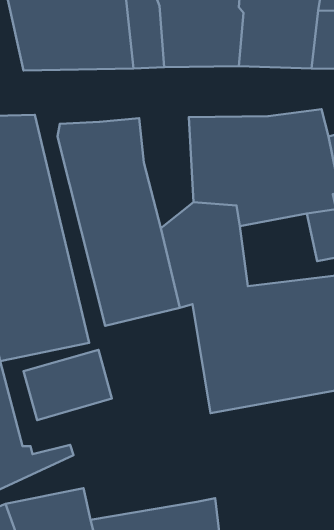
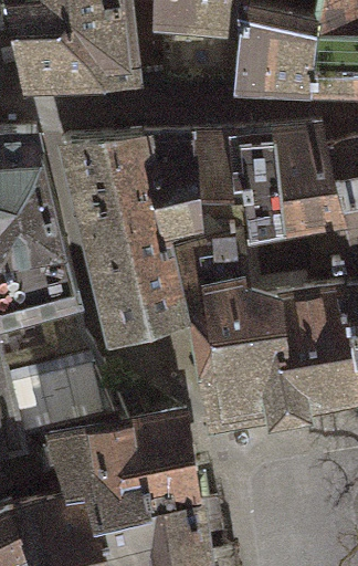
building: none -> [137,132,190,240]
building: none -> [66,416,193,524]

